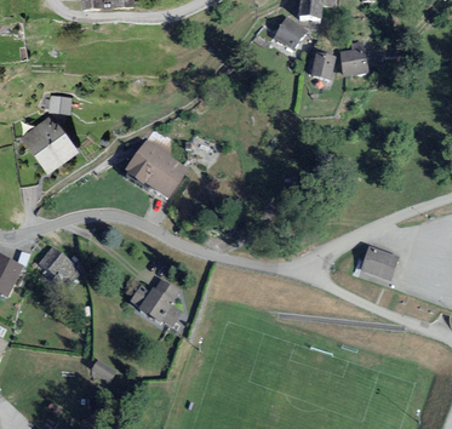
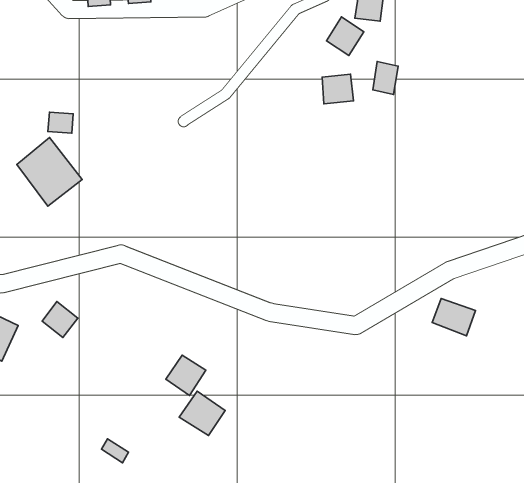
building: [341,50,366,74] -> [322,74,353,104]
building: [124,143,183,199] -> none
building: none -> [179,391,225,436]

